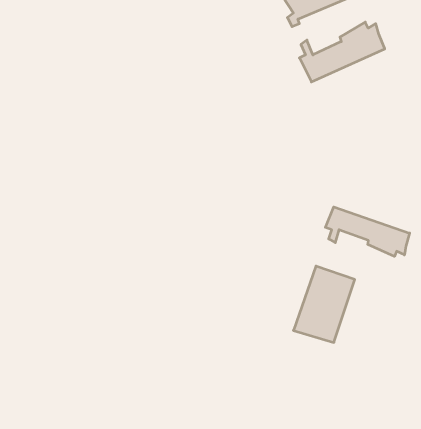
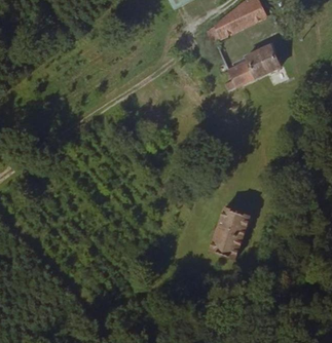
building: [325,207,410,256] -> none

